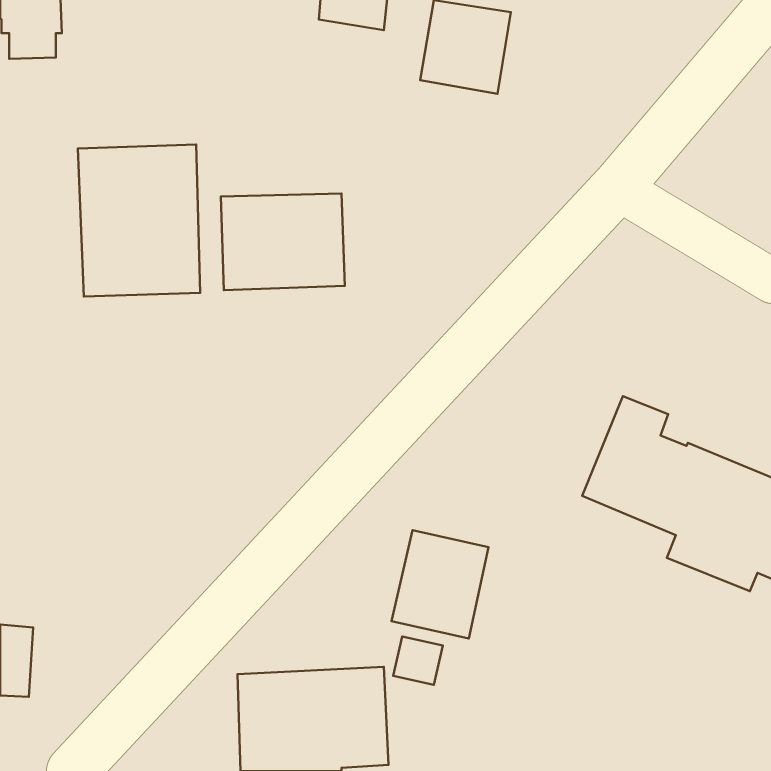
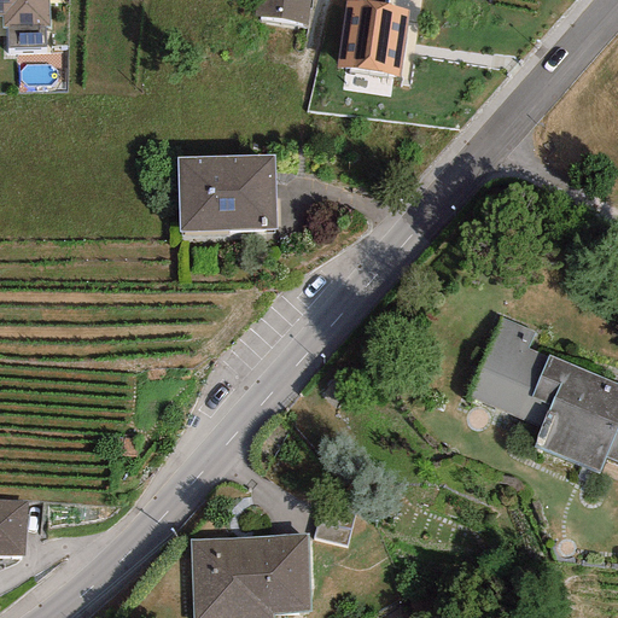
building: [78,145,200,296] -> none
building: [392,530,488,638] -> none

